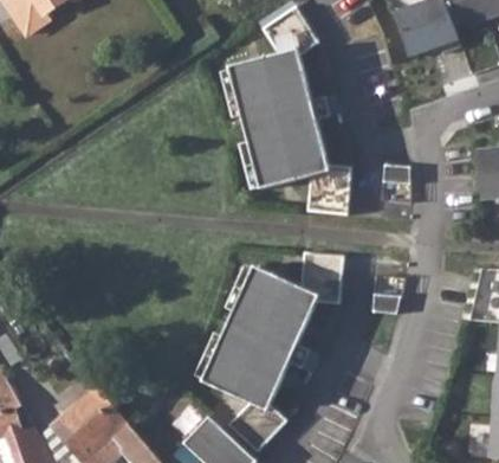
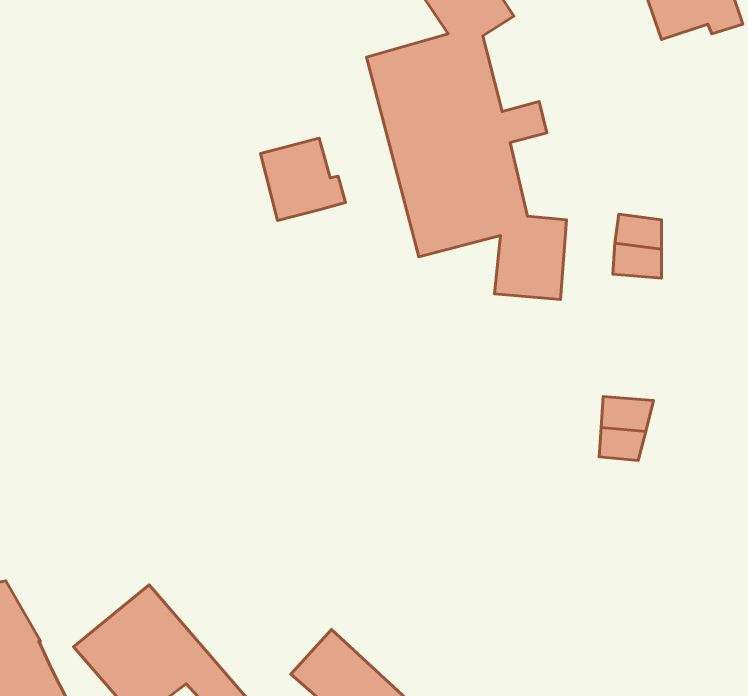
building: none -> [260,138,346,220]
building: [201,252,343,452] -> none

